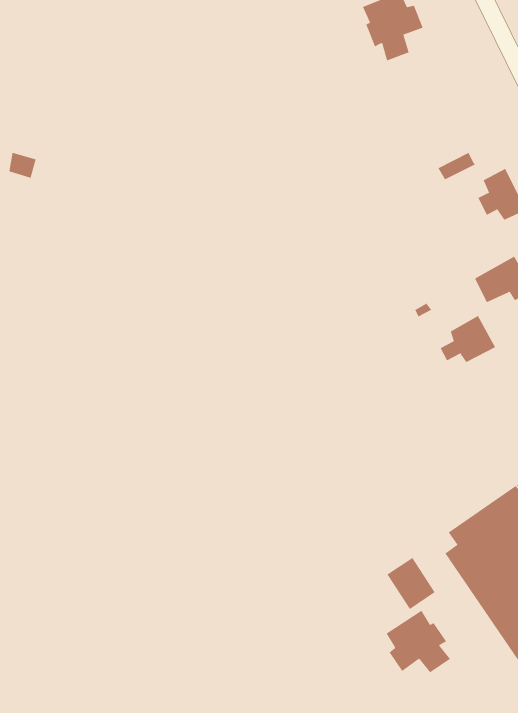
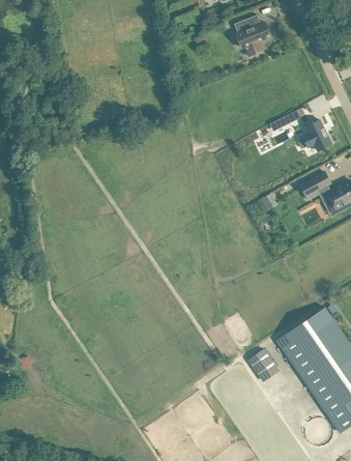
building: [440,315,496,363] -> none
building: [386,610,451,673] -> none

